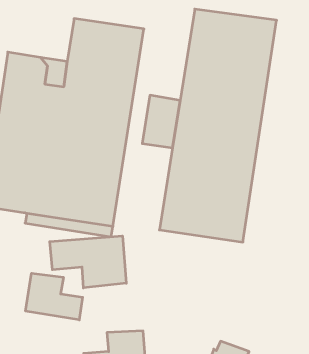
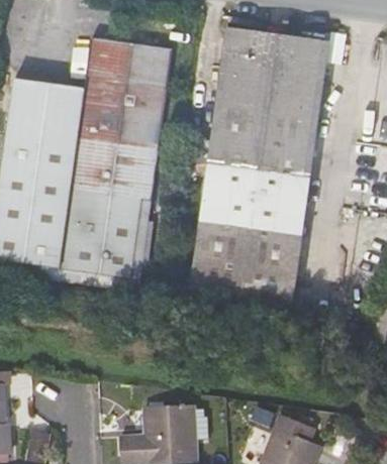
building: [50,236,126,288] -> none
building: [26,273,83,320] -> none

